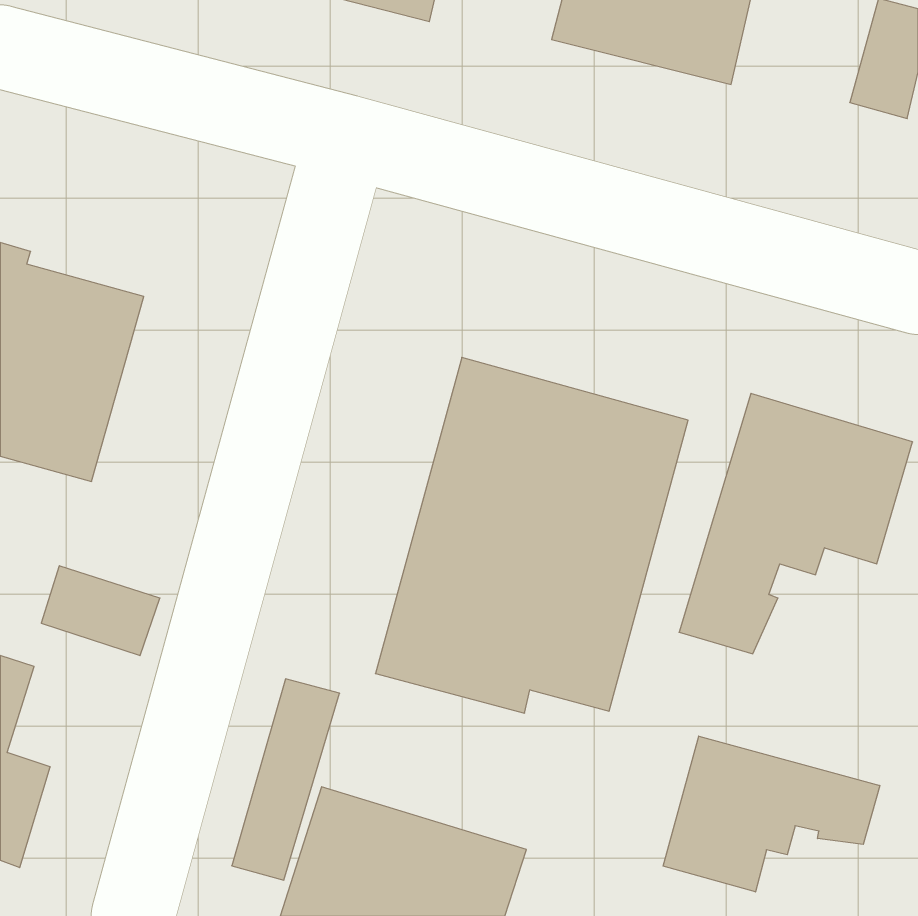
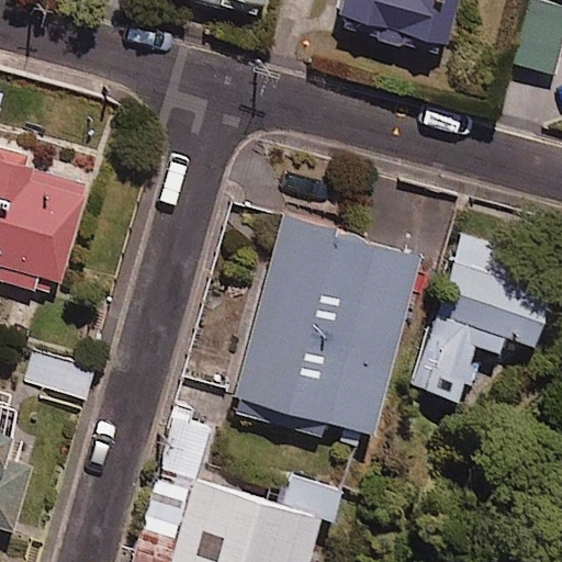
building: [663,736,880,892] -> none

